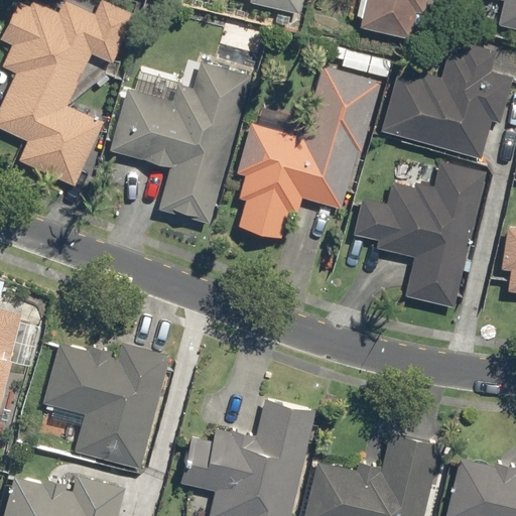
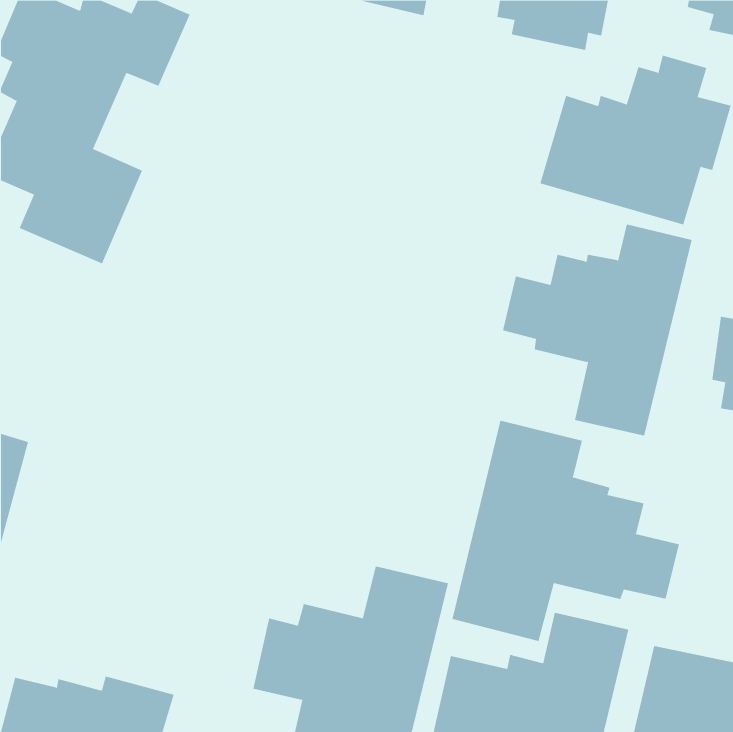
building: [108,60,253,225] -> none
building: [236,64,382,239] -> none
building: none -> [452,420,680,642]
building: [43,340,171,470] -> none

